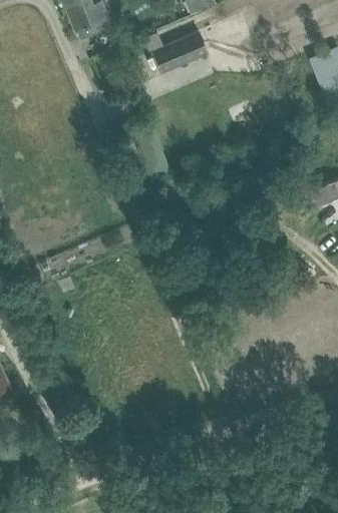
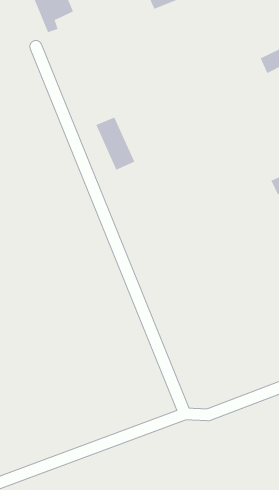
building: [154,32,208,73] -> none

